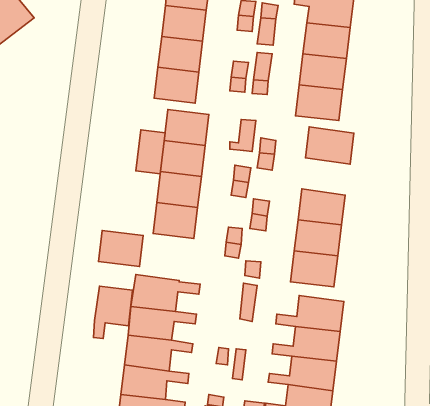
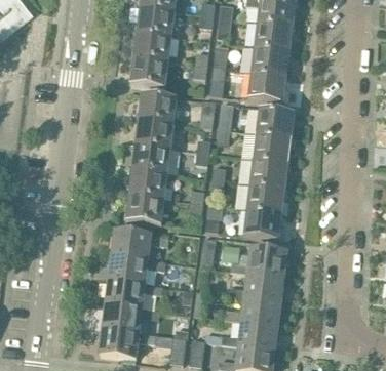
building: [136,130,165,174] -> none
building: none -> [253,132,293,163]
building: [98,231,143,266] -> [126,195,163,224]
building: [93,286,133,339] -> none

